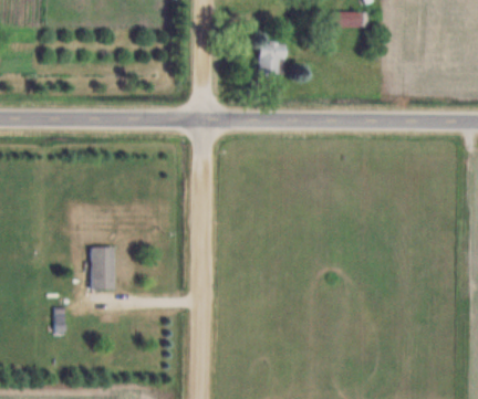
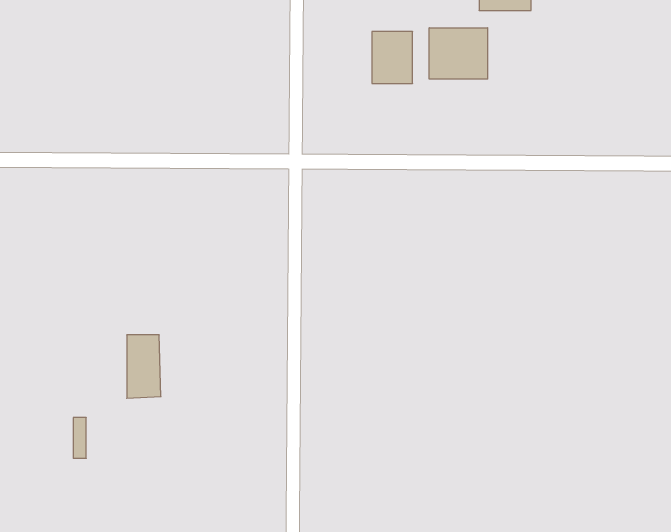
building: none -> [429,28,488,79]

